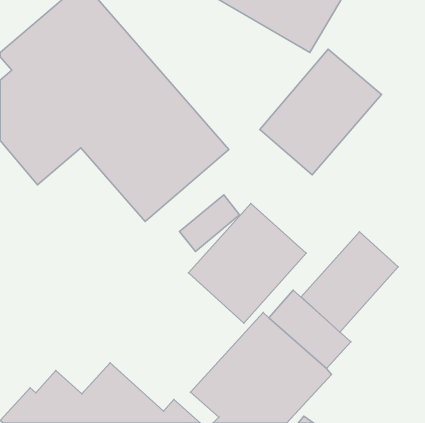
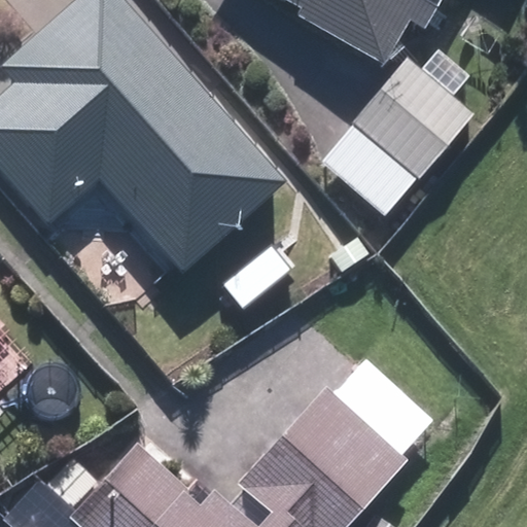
building: [188,203,306,323] -> none
building: [301,232,398,332] -> none

